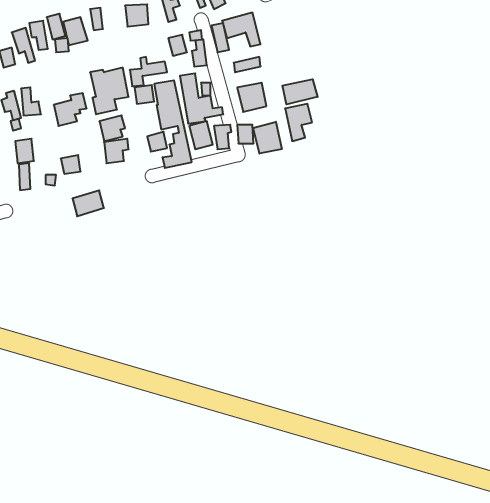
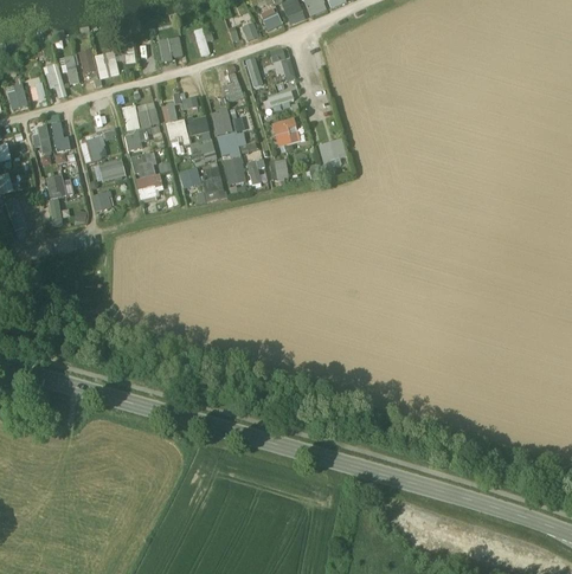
building: [282,79,318,104] -> none
building: [253,122,282,154] -> none
building: [72,190,104,216] -> [92,156,124,182]

